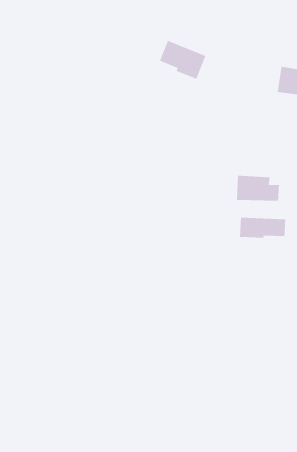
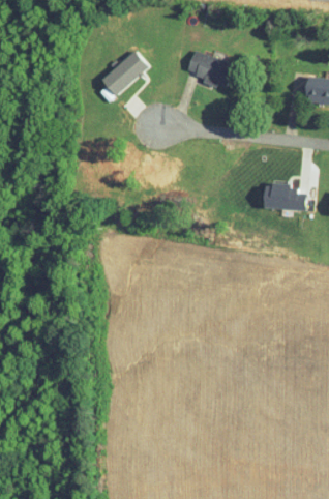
building: none -> [100,51,148,97]
building: [239,217,286,239] -> none

